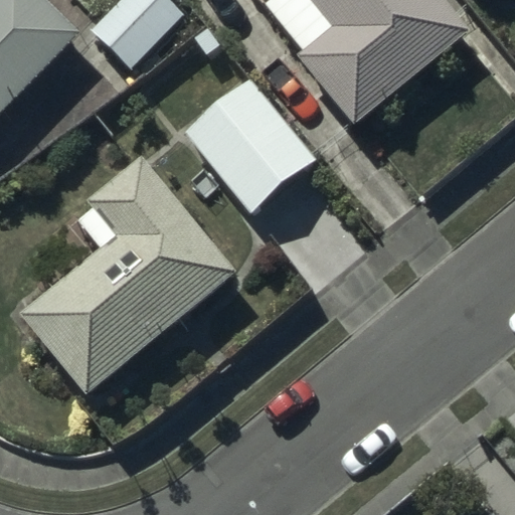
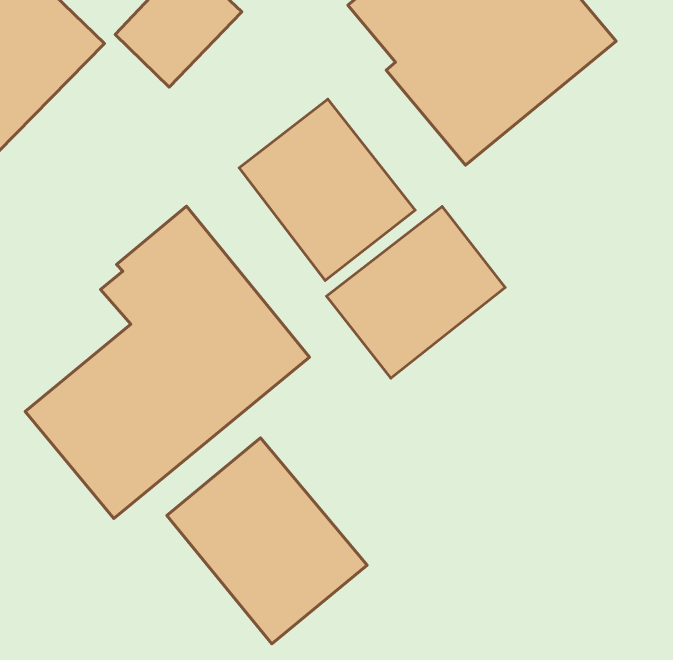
building: none -> [327,207,505,378]
building: none -> [167,438,367,644]

